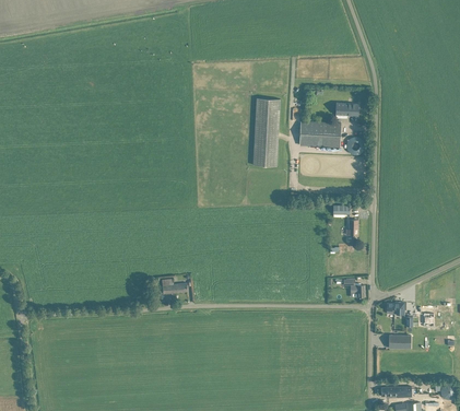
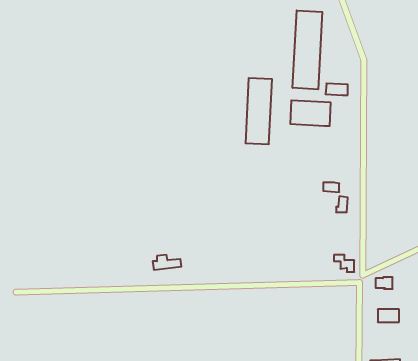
building: none -> [293,10,322,89]

